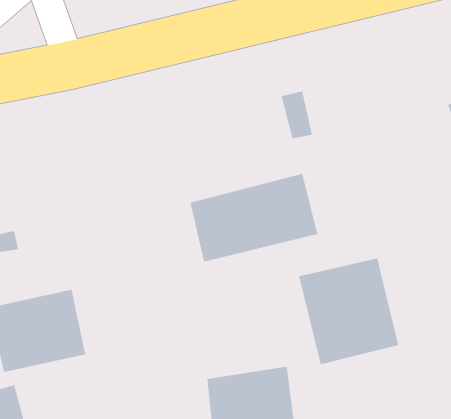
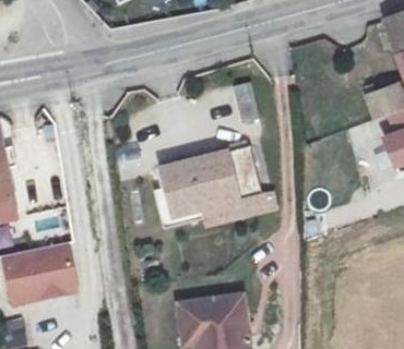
building: [298,258,399,365] -> none

